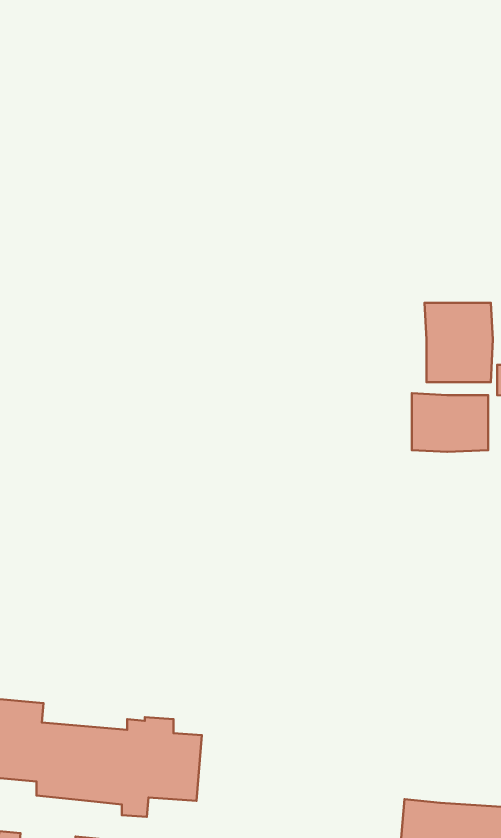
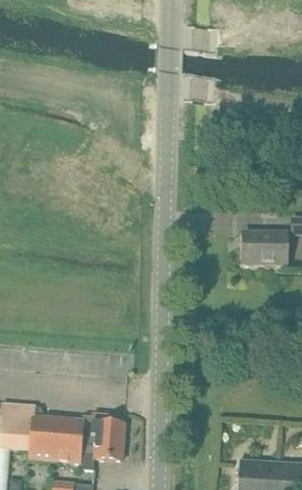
building: [425,303,493,382] -> none

